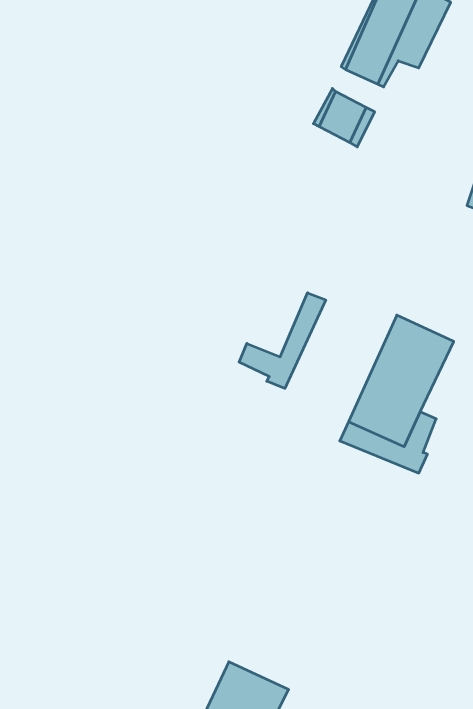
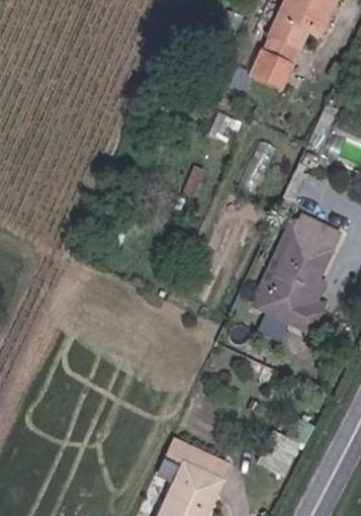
building: [239,293,326,388] -> none
building: none -> [163,436,229,483]

